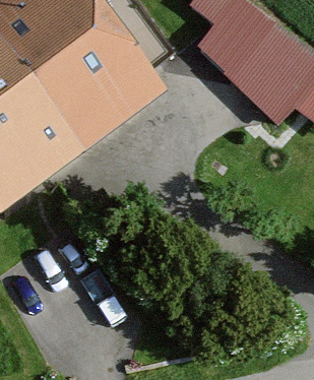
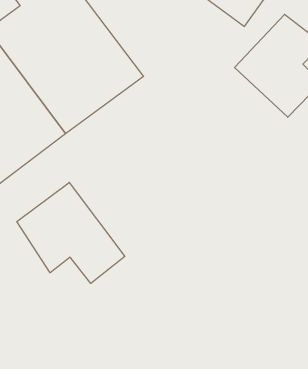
building: none -> [17,182,125,283]

